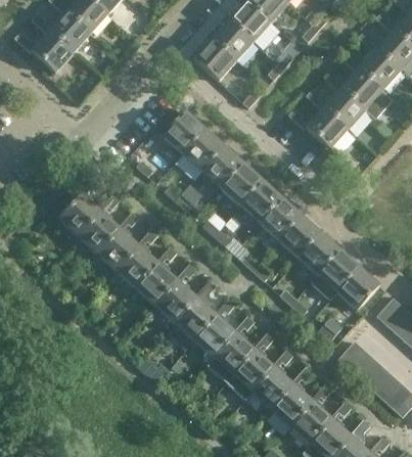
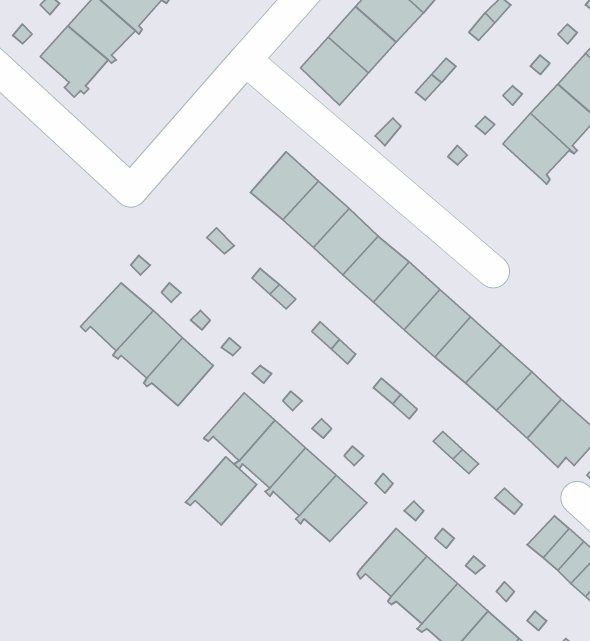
building: [306,105,348,150] -> none
building: [115,245,159,288] -> [185,457,257,525]
building: [212,332,256,374] -> none

